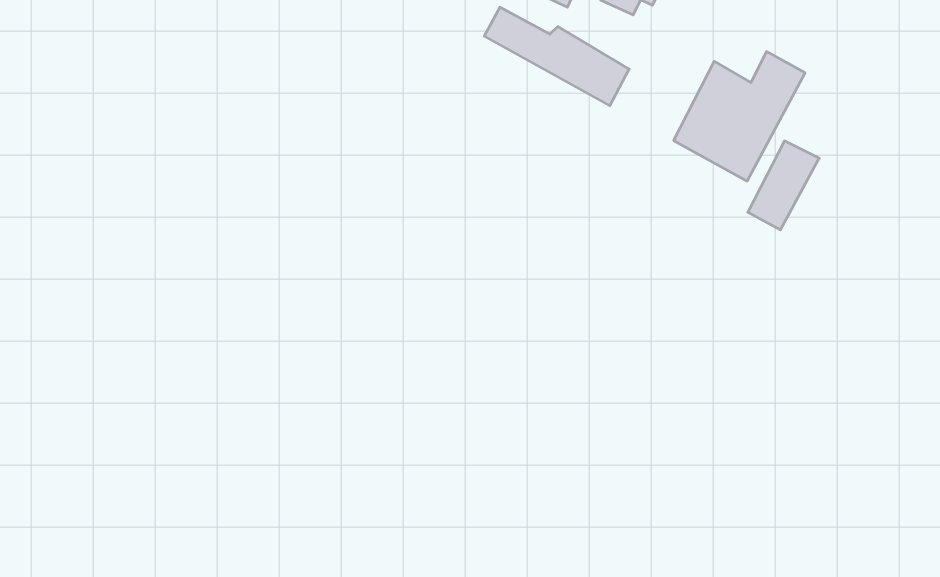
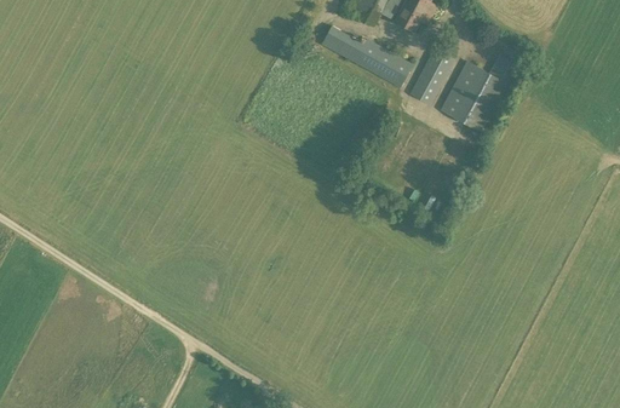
building: [748,141,819,230] -> [409,48,454,104]

